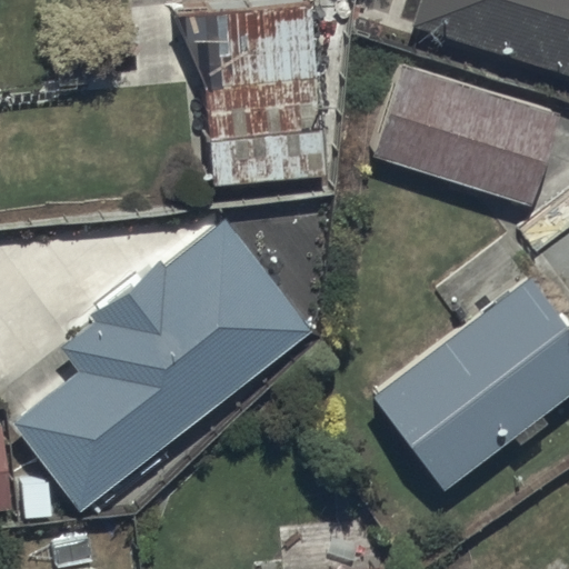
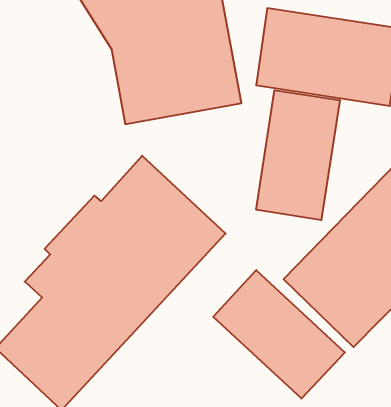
building: none -> [256,90,340,220]
building: none -> [213,270,345,399]

